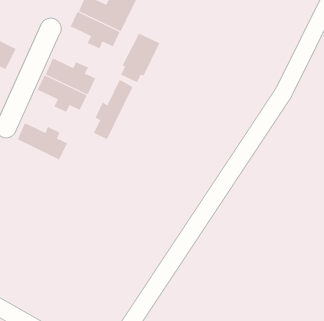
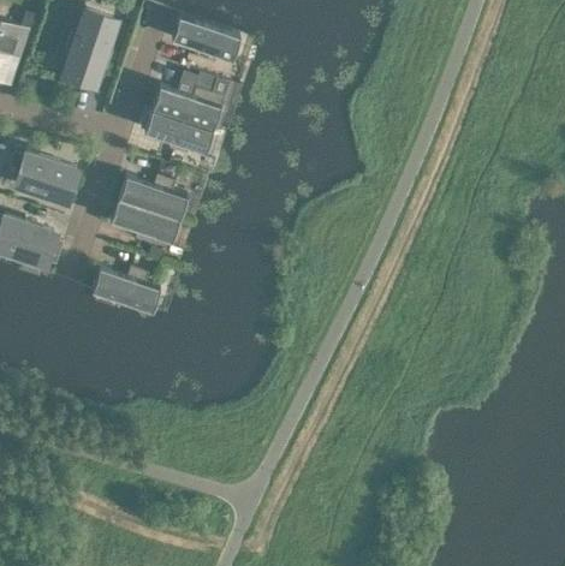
building: [120,33,160,83] -> none
building: [93,79,133,140] -> none

